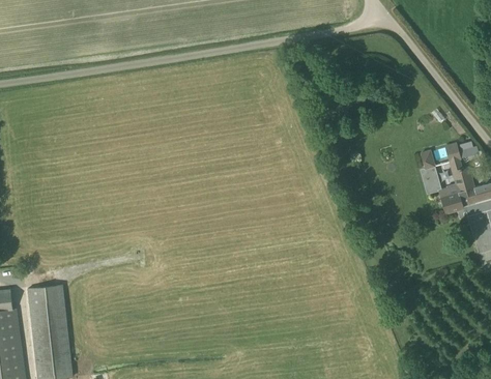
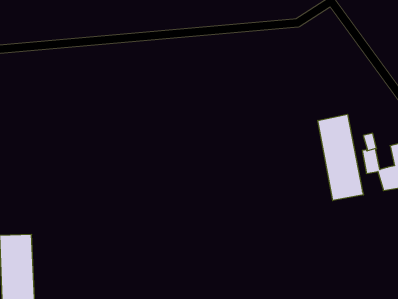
building: none -> [318,114,363,201]

